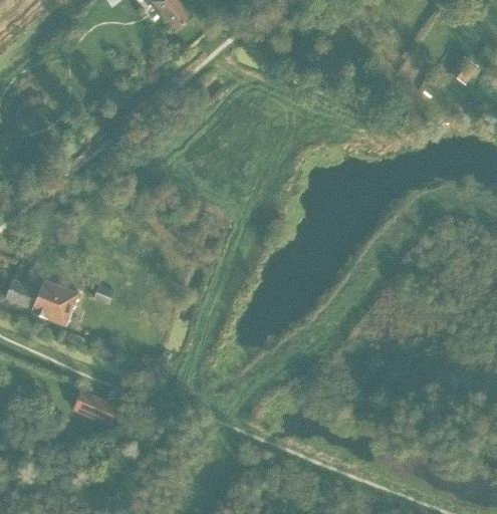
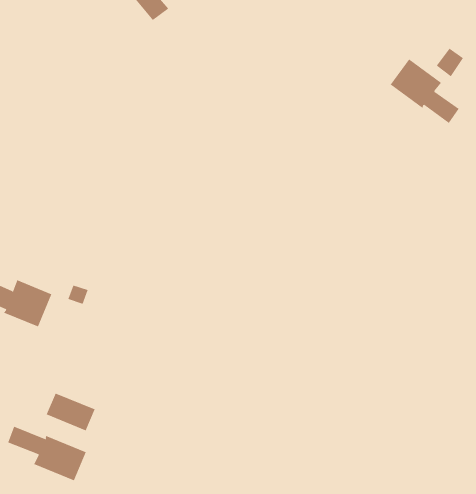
building: none -> [390,58,460,124]
building: none -> [8,426,86,481]

